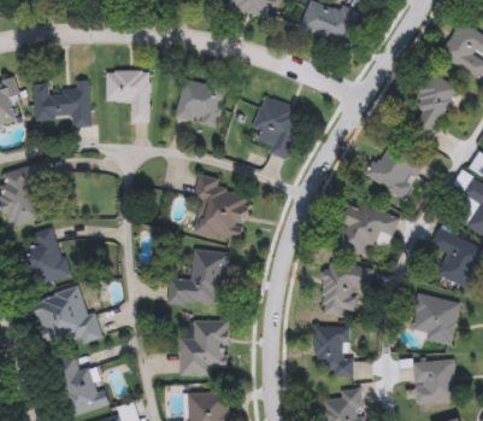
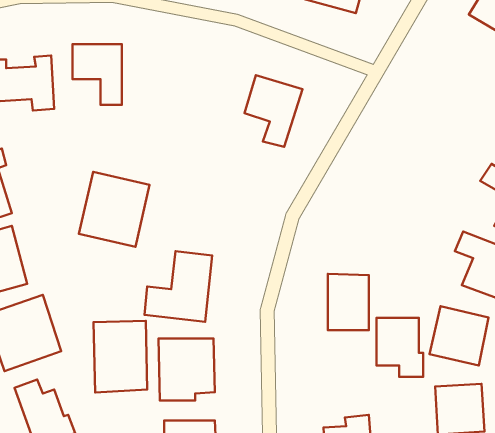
building: [408,71,457,140] -> none
building: [173,78,224,127] -> none
building: [369,141,420,200] -> none
building: [188,177,248,241] -> [79,172,150,247]
building: [336,201,399,256] -> none
building: none -> [94,321,147,392]
building: [314,327,354,378] -> [377,318,423,377]

